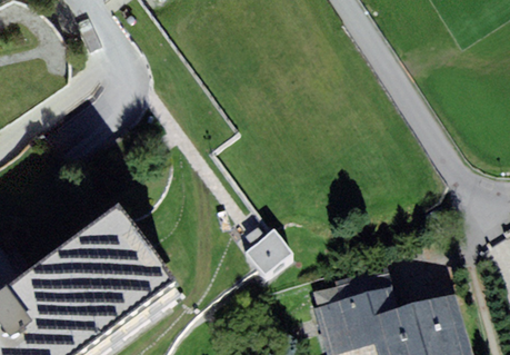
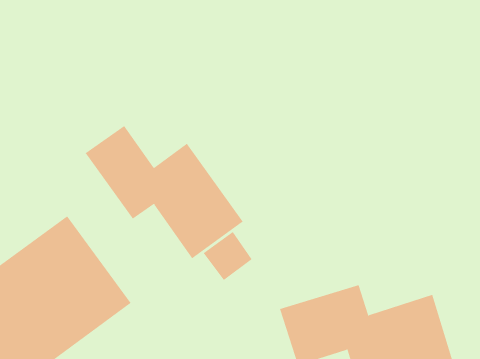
building: none -> [85,125,243,259]

